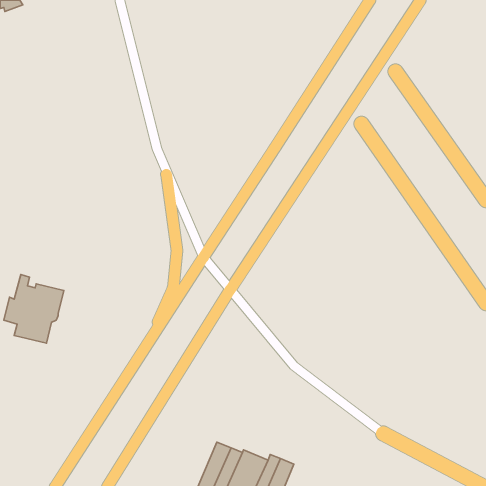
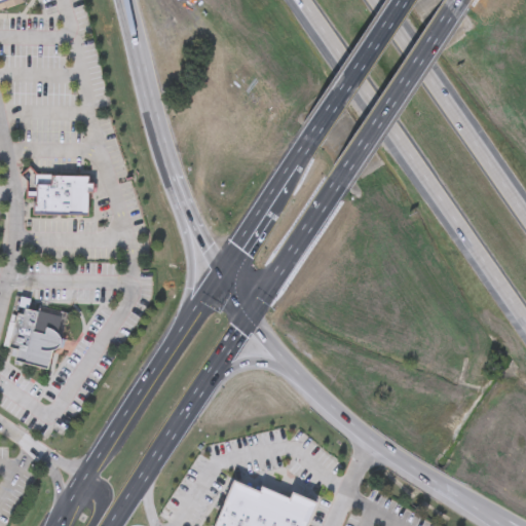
building: none -> [27,174,90,216]

